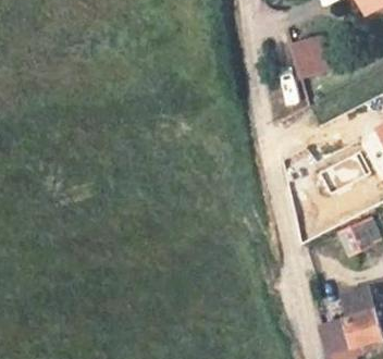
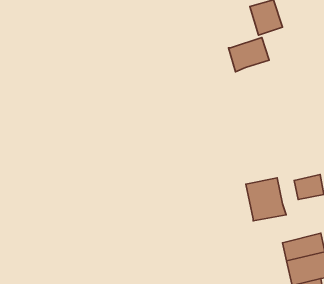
building: none -> [229,37,269,72]
building: none -> [246,178,286,221]

